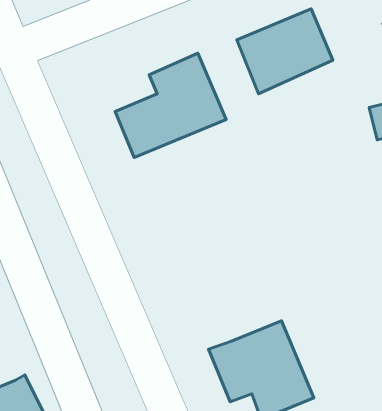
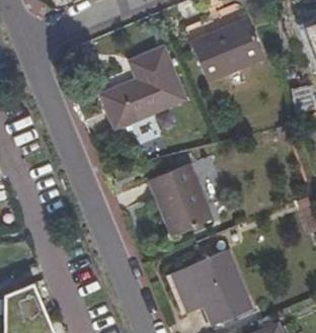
building: none -> [153,163,212,232]

